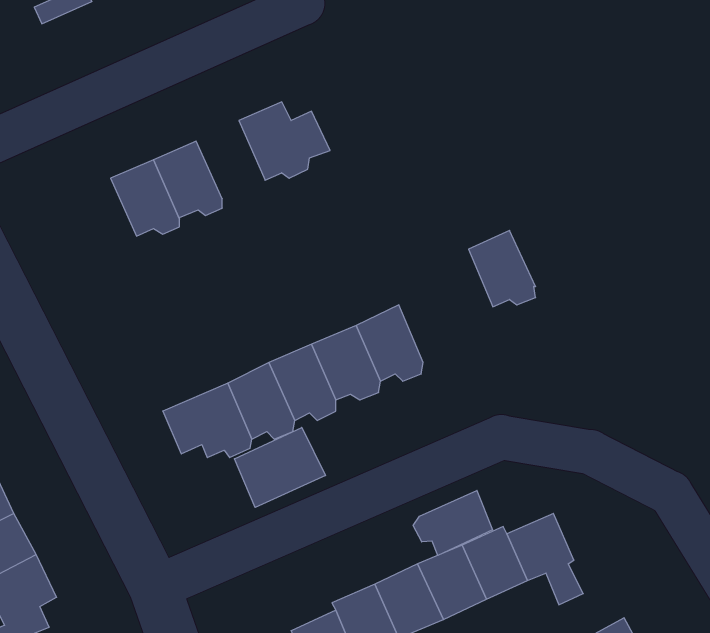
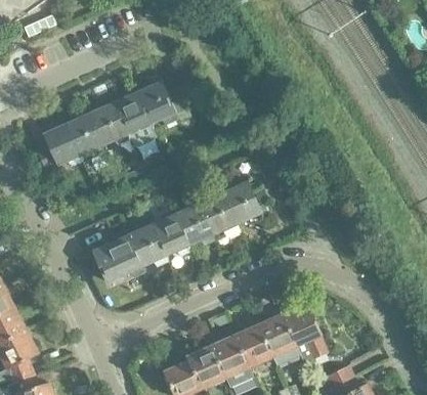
building: none -> [113,91,151,134]
building: none -> [35,123,80,171]
building: [469,230,536,307] -> [224,182,261,224]
building: [234,427,325,507] -> none
building: [413,490,493,555] -> none

